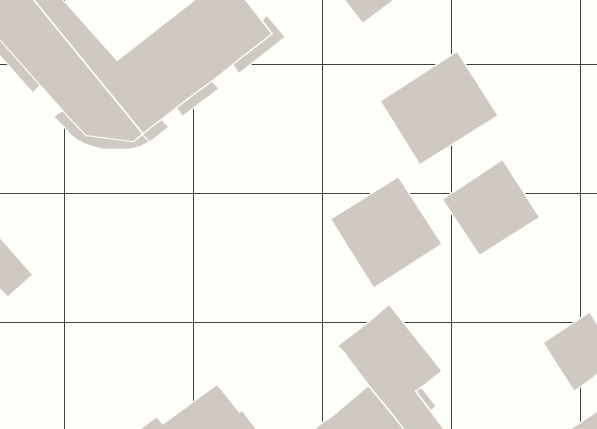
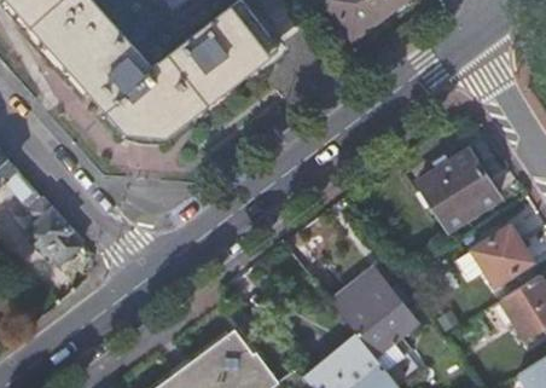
building: [380,51,498,165] -> none
building: [331,177,442,288] -> none
building: none -> [471,225,532,284]

